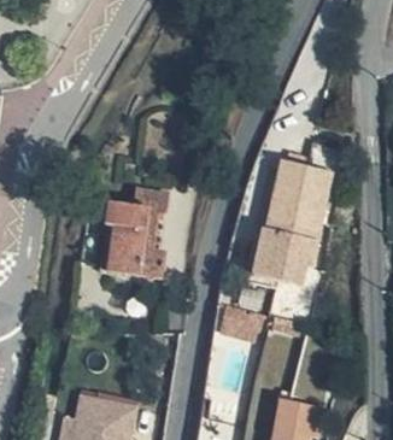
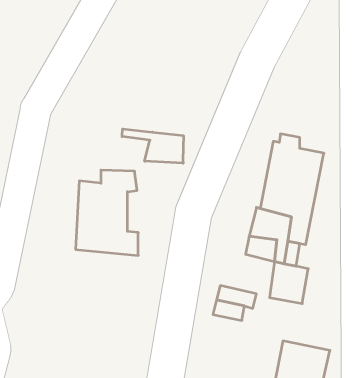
building: none -> [122,129,183,163]

